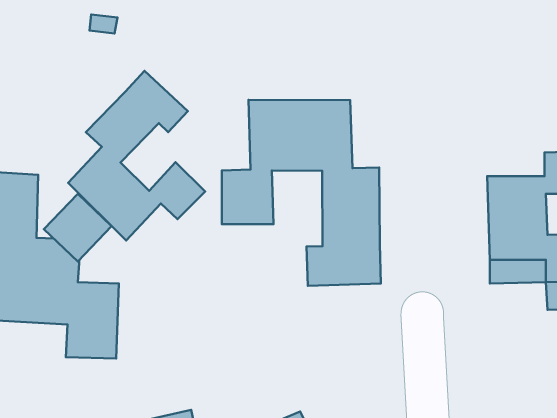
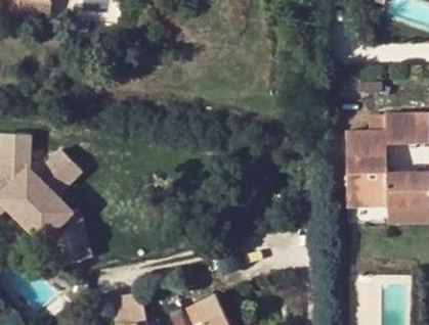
building: [68,71,205,241] -> none
building: [222,100,381,286] -> none

